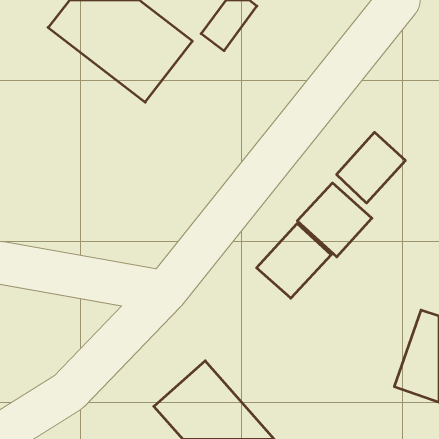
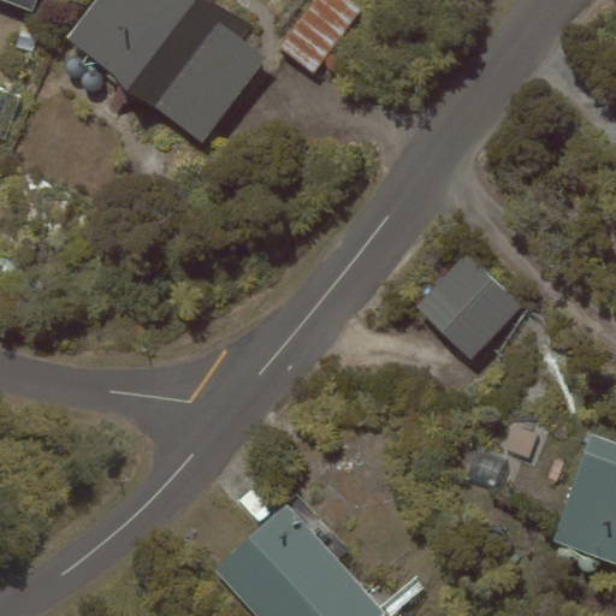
building: [337,132,405,203] -> none
building: [257,224,331,298] -> none

